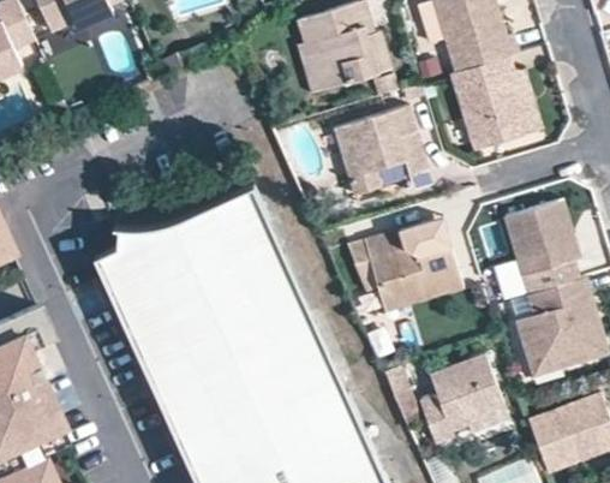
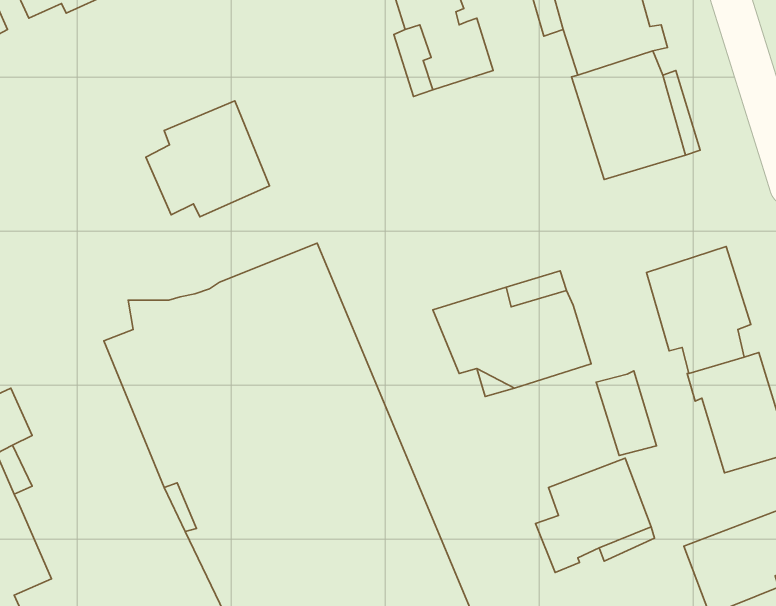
building: none -> [146,101,269,217]
building: [330,106,426,193] -> none
building: [515,310,560,372] -> [596,371,657,456]

